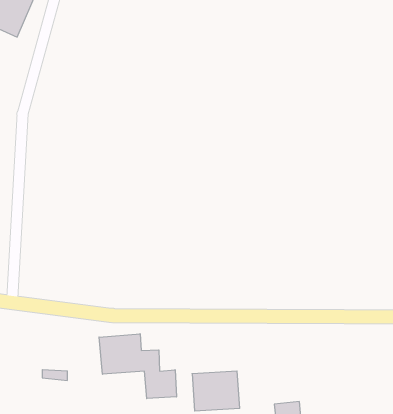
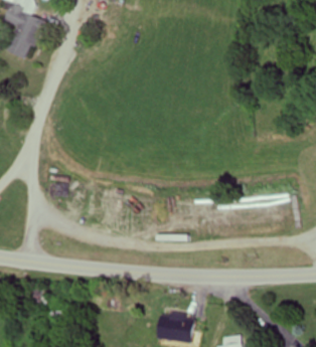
building: [99,334,176,399] -> none

